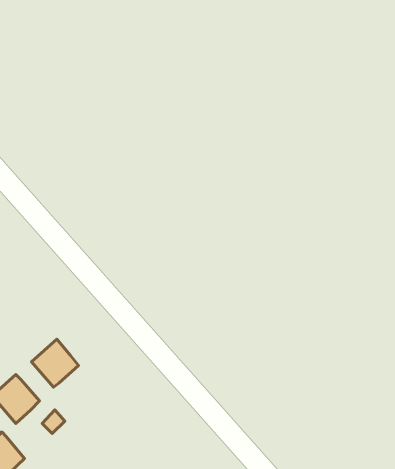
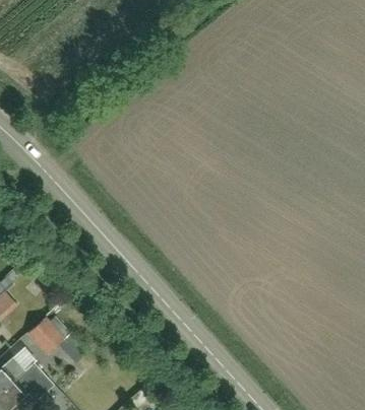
building: [31,339,79,387] -> none

